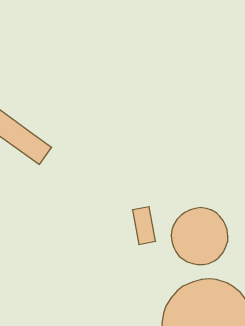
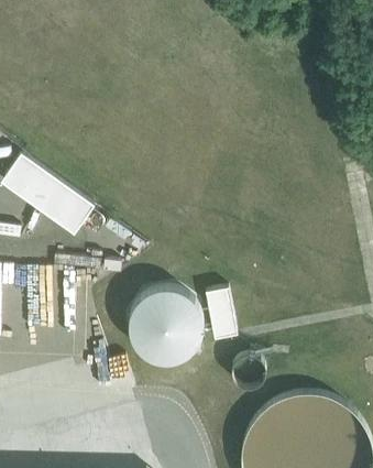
building: [171,208,228,264] -> [123,283,201,361]

